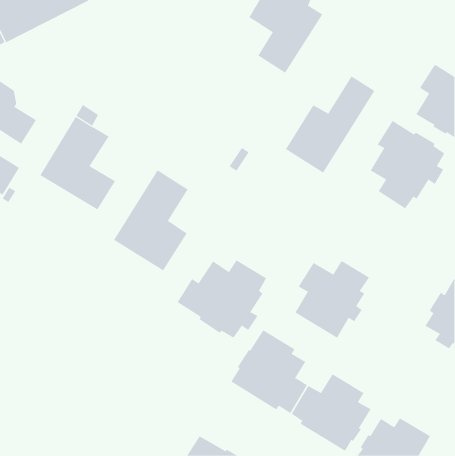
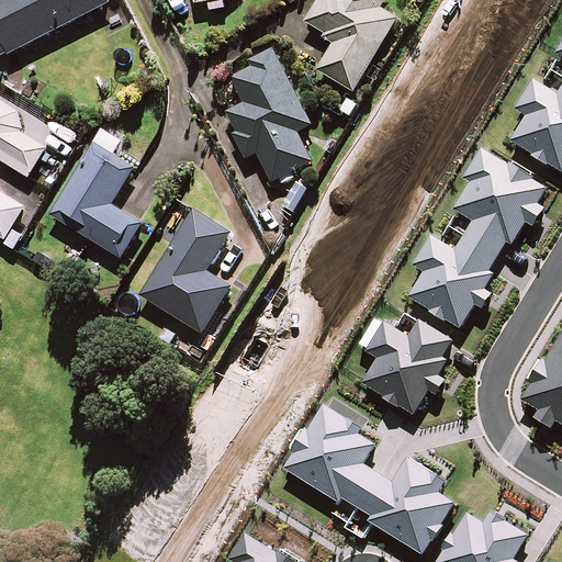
building: none -> [222,47,310,181]
building: [285,76,375,174] -> none
building: none -> [406,234,496,327]
building: [177,259,267,338] -> none

